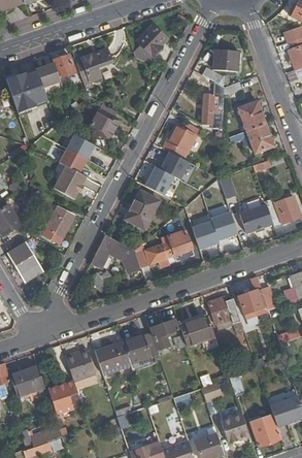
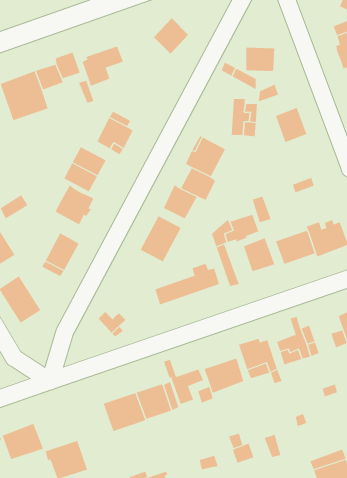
building: [246,124,274,155] -> none
building: [90,234,141,273] -> none
building: [65,347,102,382] -> none

